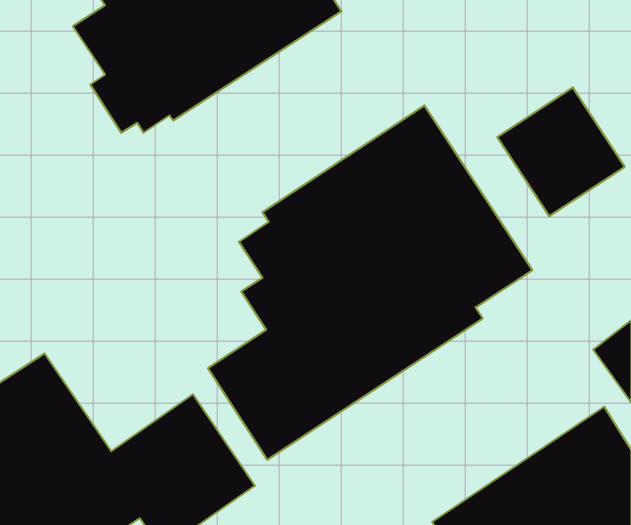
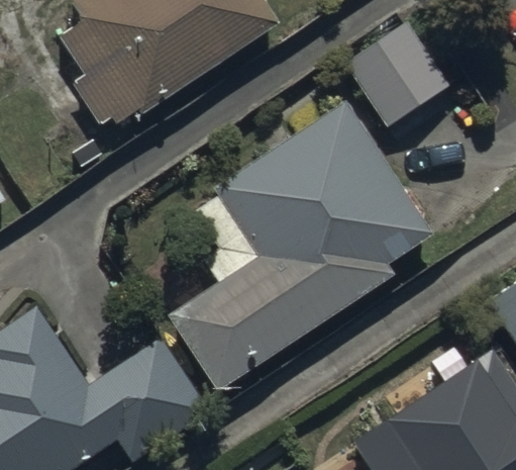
building: [497,87,625,216] -> [344,21,448,126]

